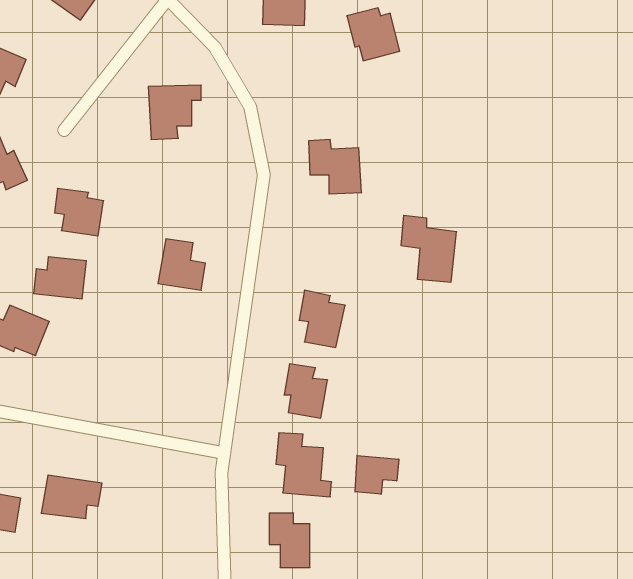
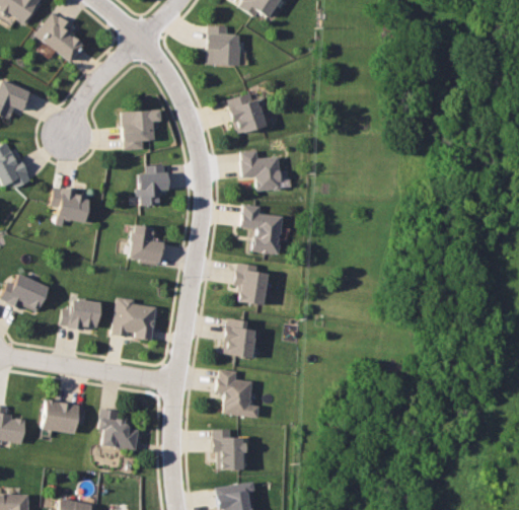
building: [347,8,400,61] -> [227,93,267,133]
building: none -> [139,164,167,205]
building: [401,215,457,282] -> [241,204,283,253]
building: [33,257,86,299] -> [61,298,100,330]
building: none -> [113,296,156,340]
building: [355,455,399,494] -> none
building: none -> [98,408,139,450]

